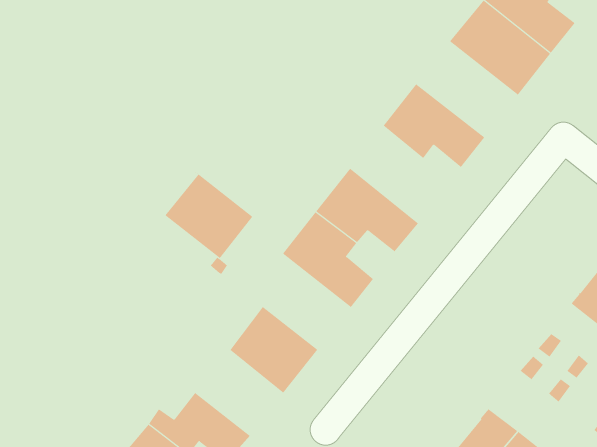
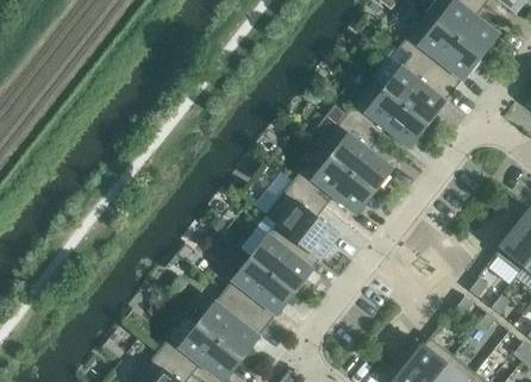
building: none -> [371,48,452,124]
building: none -> [319,114,392,192]
building: [165,162,253,259] -> [250,215,320,292]
building: none -> [196,292,267,359]

